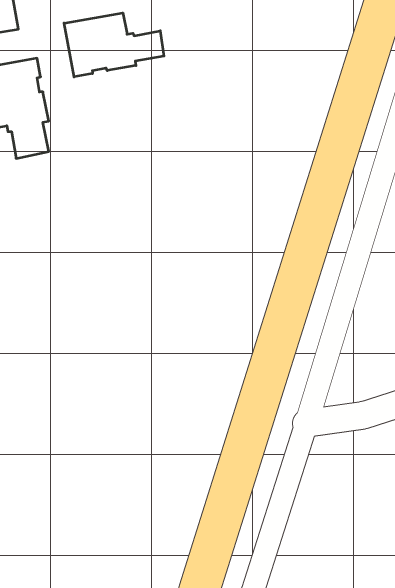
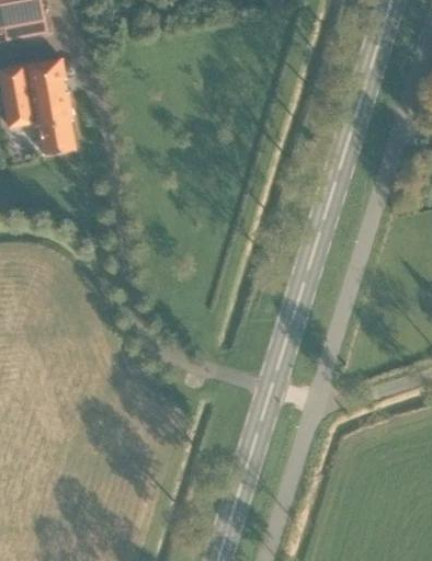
building: [64,13,164,77] -> none

